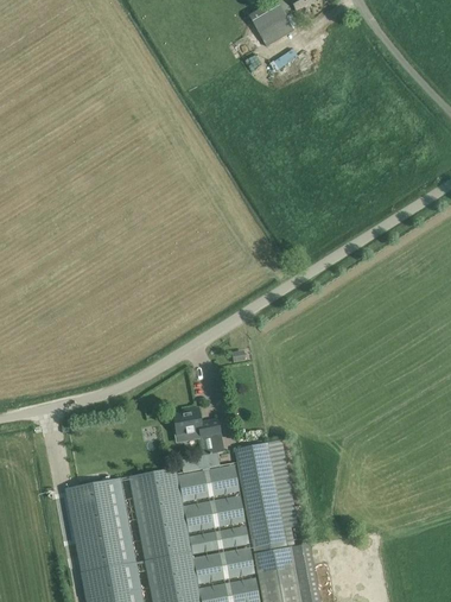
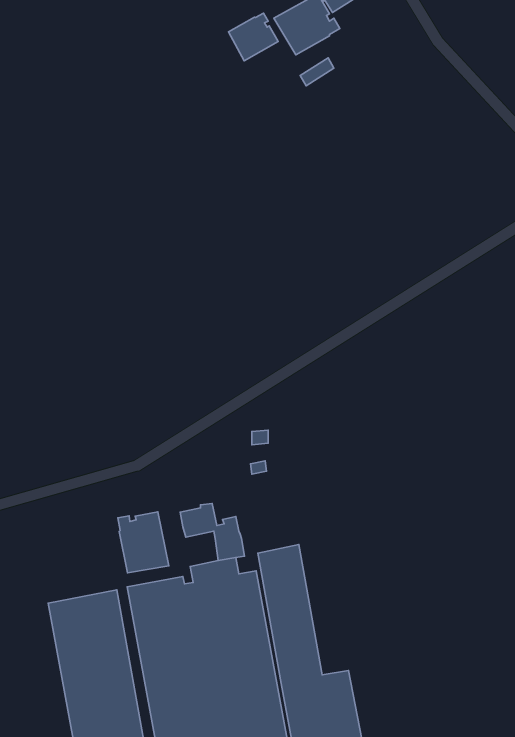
building: none -> [229,13,278,61]
building: none -> [118,512,169,573]

